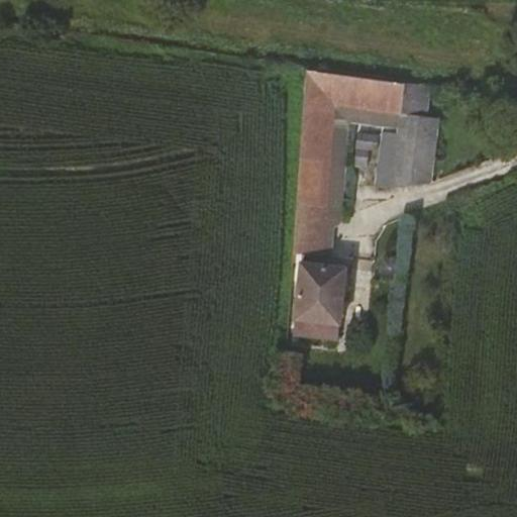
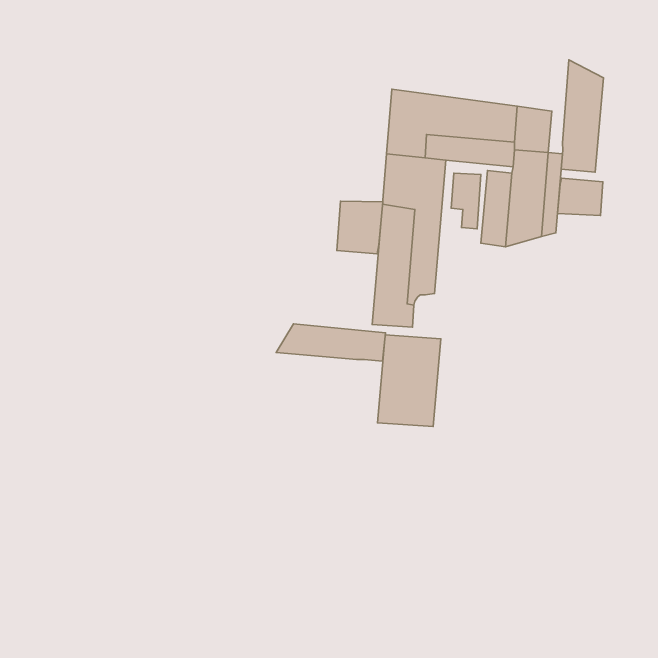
building: none -> [561,60,603,172]
building: none -> [557,178,603,215]
building: none -> [337,201,383,254]
building: none -> [276,324,385,361]

